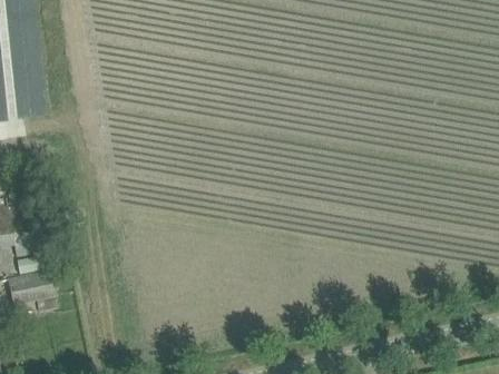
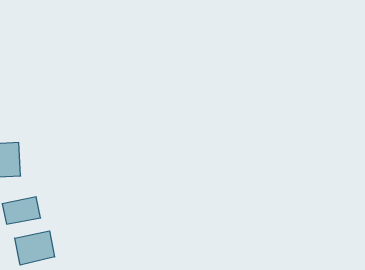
building: none -> [15,231,55,265]

